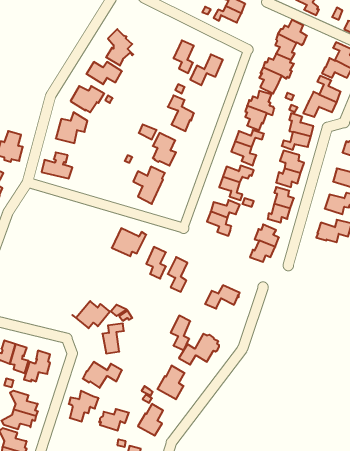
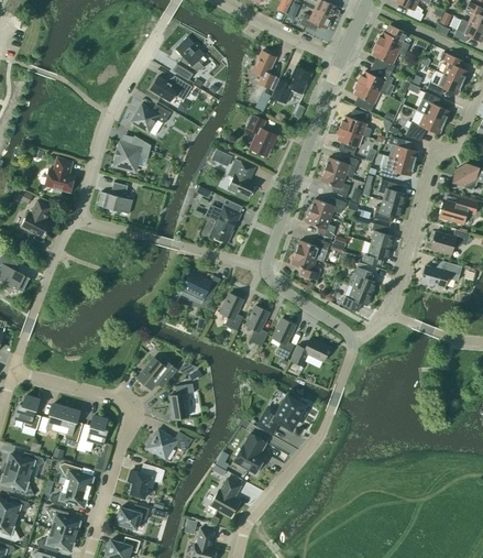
building: [171,316,190,350] -> [272,317,295,358]
building: [99,409,129,431] -> [114,503,150,528]

